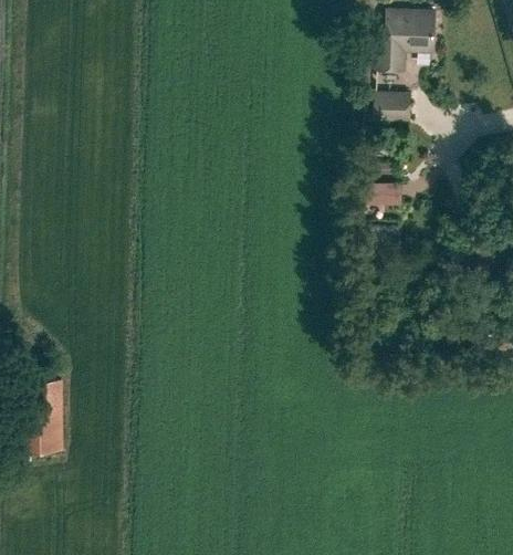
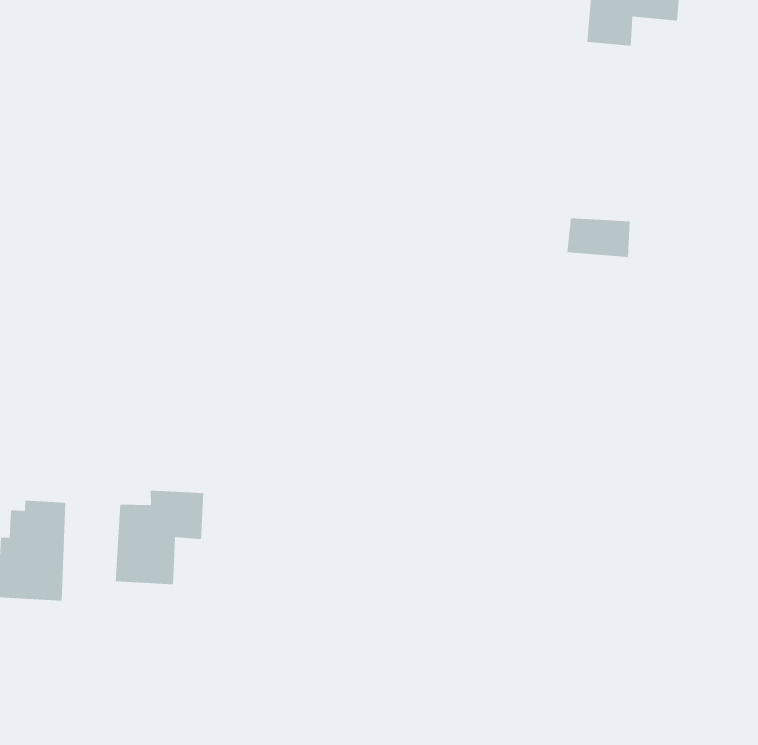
building: [374,93,410,124] -> none
building: none -> [115,490,204,585]

